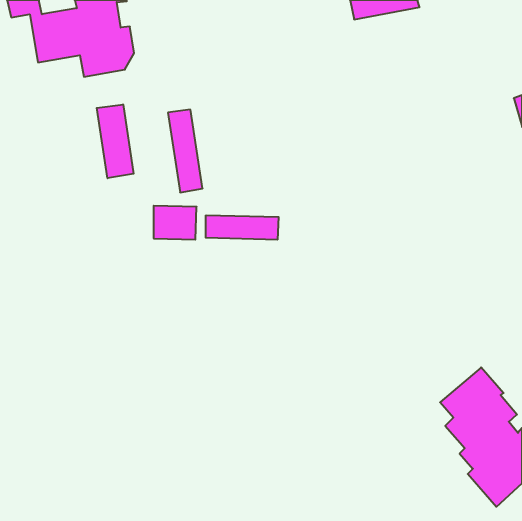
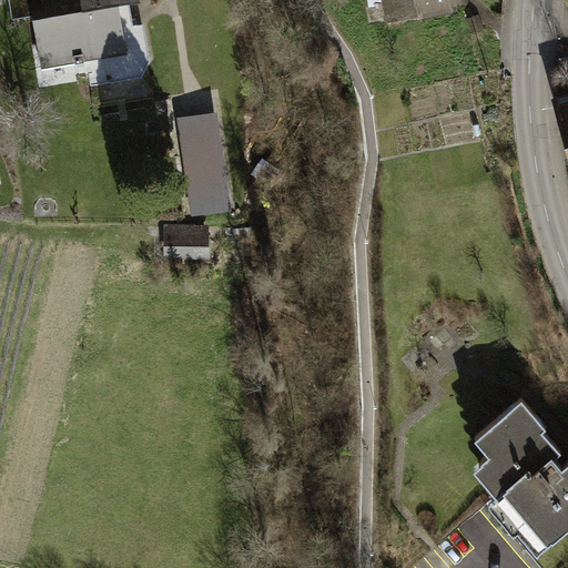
building: [97,104,134,178] -> none
building: [206,215,279,240] -> none

